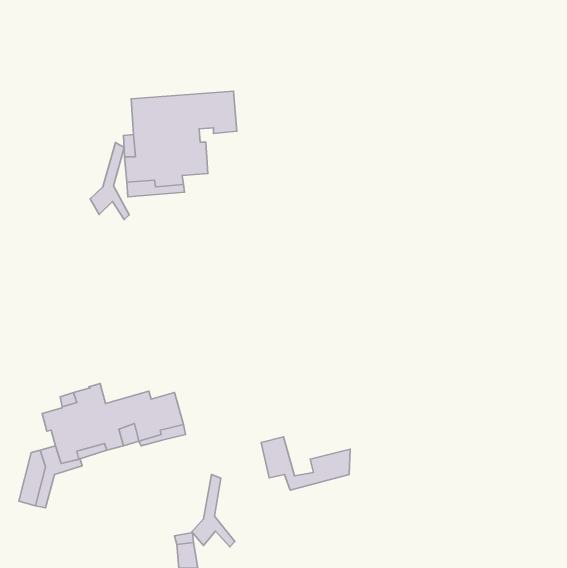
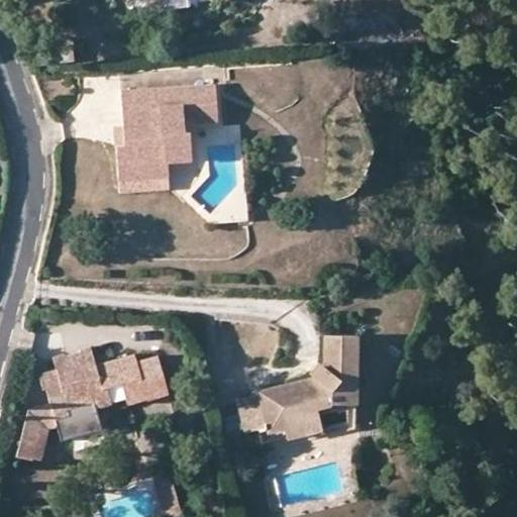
building: [90,142,129,220] -> none
building: none -> [258,336,358,432]
building: [192,475,235,547] -> none

